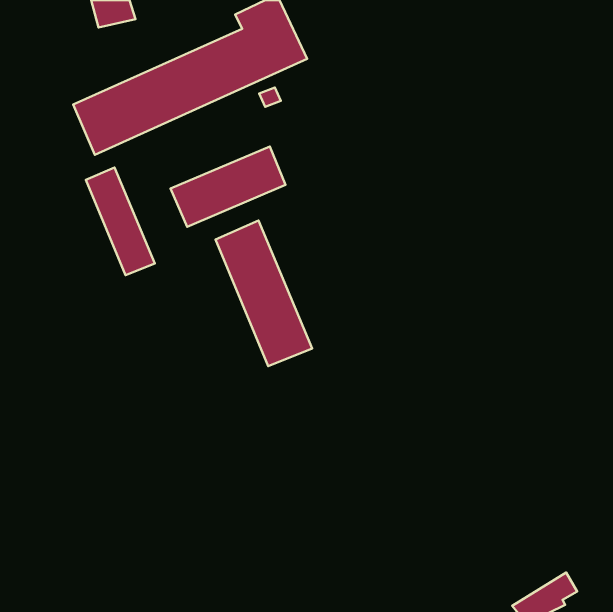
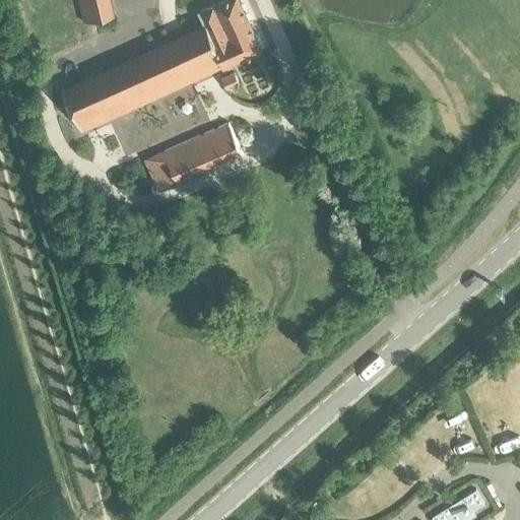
building: [86,167,155,275] -> none
building: [215,221,312,366] -> none

